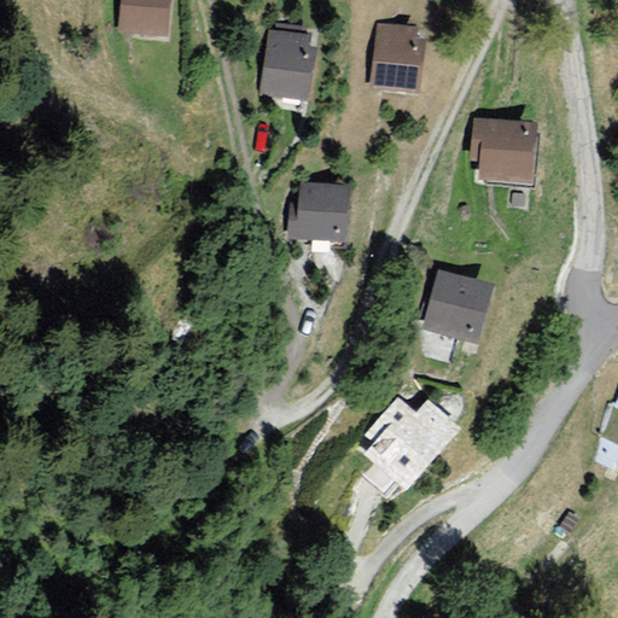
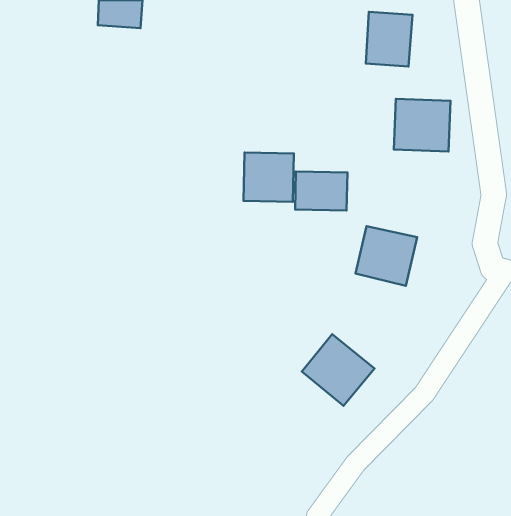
building: [369,24,425,89] -> [366,12,412,66]
building: [260,25,316,97] -> none
building: none -> [295,172,347,210]

